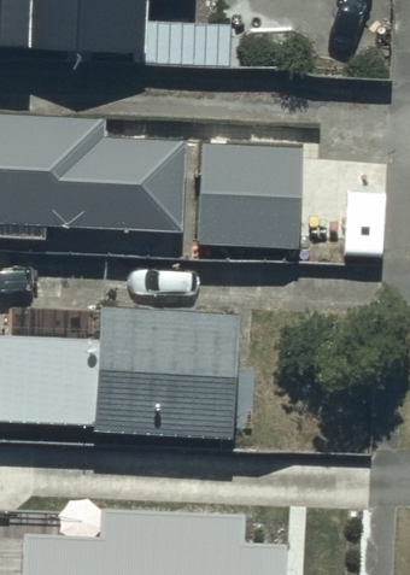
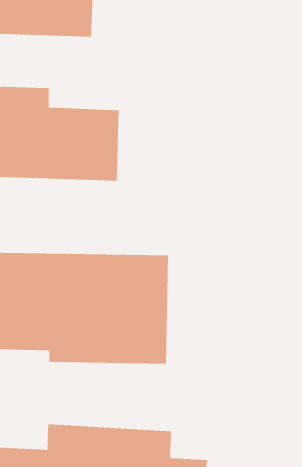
building: [203,143,300,245] -> none

